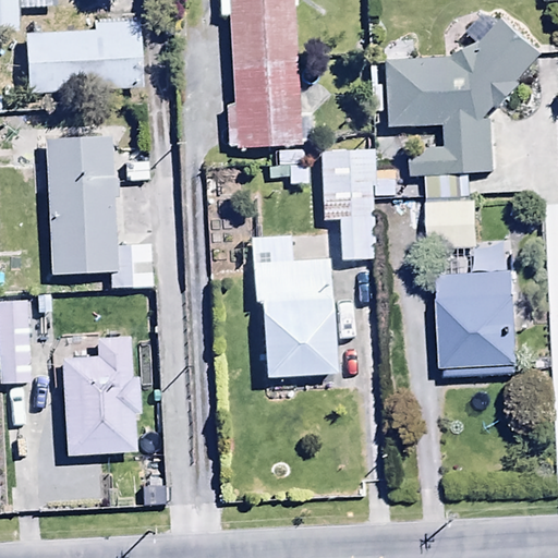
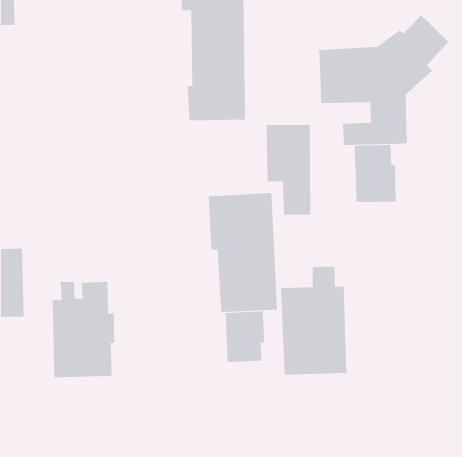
building: [26,20,143,92] -> none
building: [46,135,154,287] -> none
building: [440,245,521,376] -> [280,266,347,375]
building: none -> [225,311,265,363]

